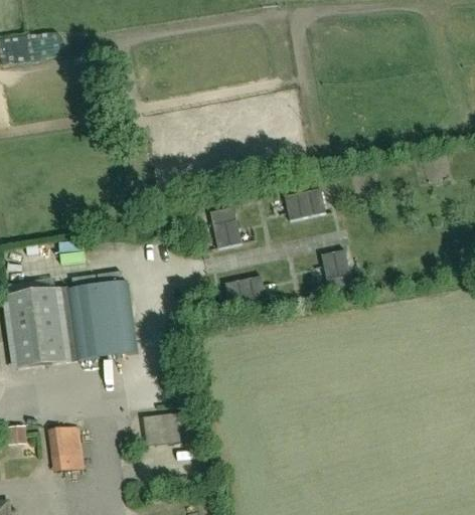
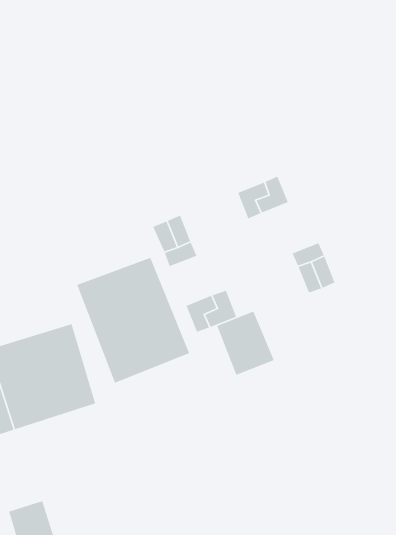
building: none -> [76,257,190,384]
building: none -> [216,311,275,376]
building: [150,408,195,444] -> none

